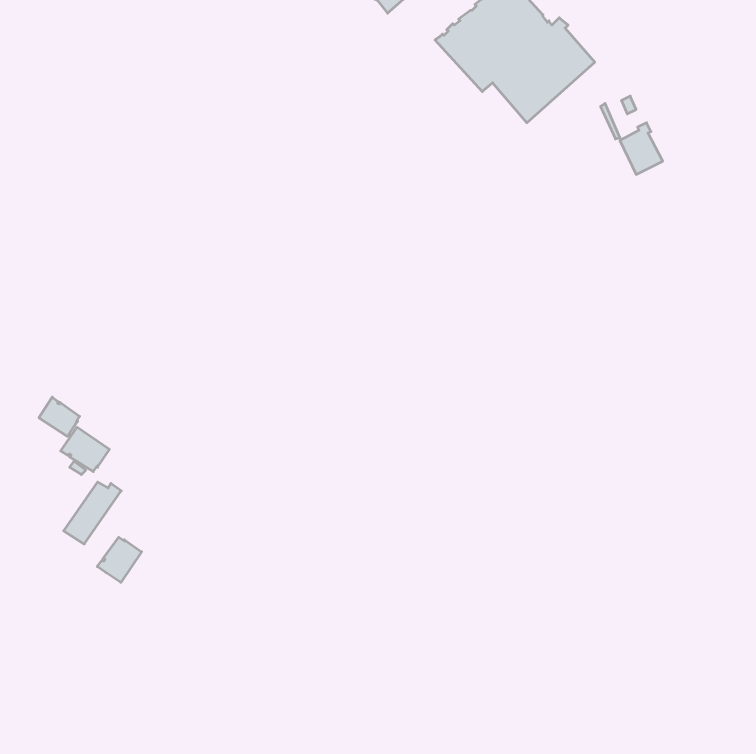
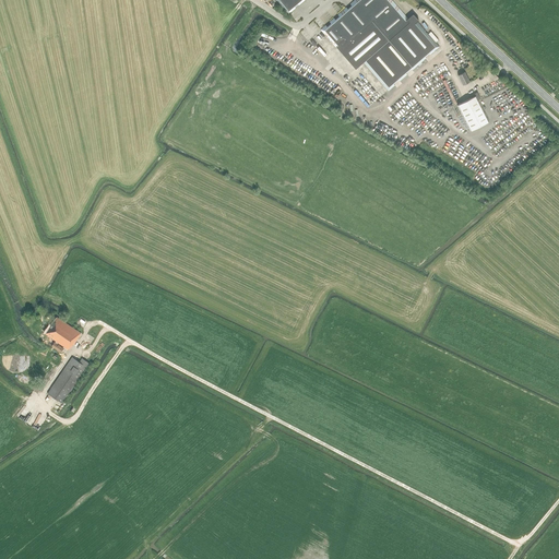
building: [39,397,80,436] -> none
building: [97,537,142,582] -> none

